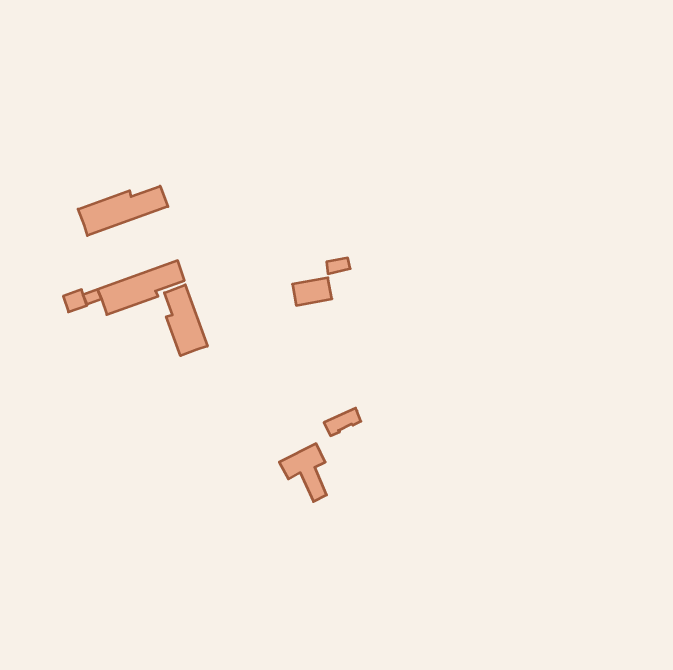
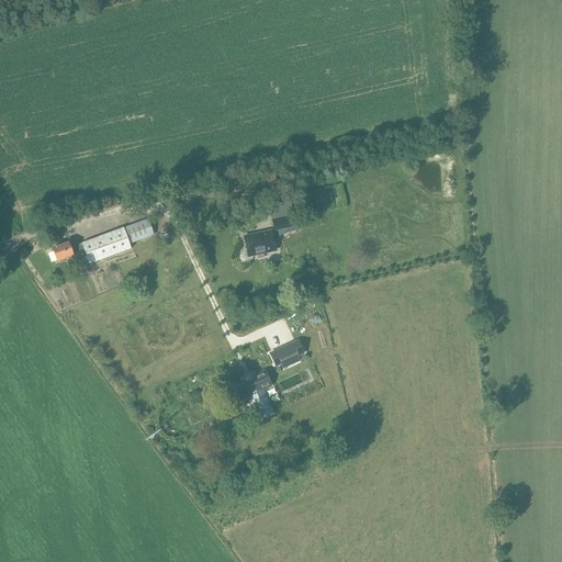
building: [78,186,168,236] -> none
building: [164,285,207,356] -> none

